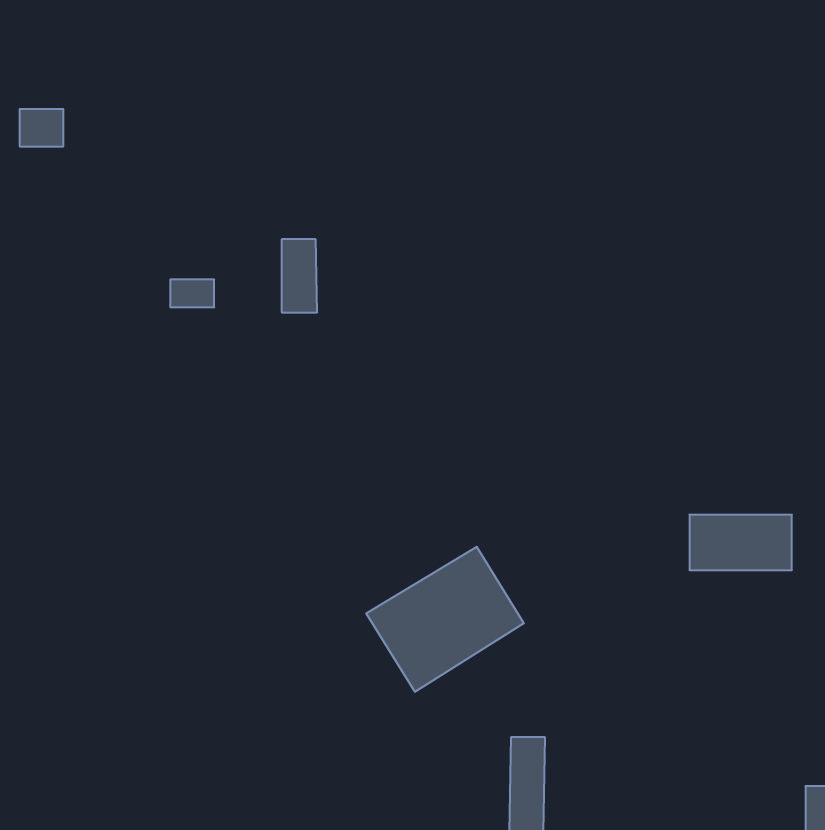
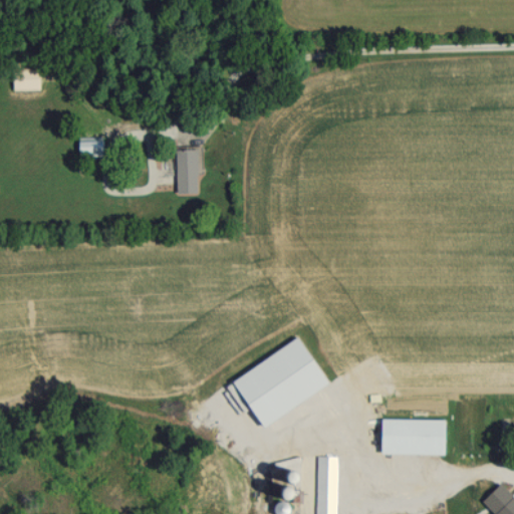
building: [170,280,214,307] -> [79,139,106,156]
building: [689,515,792,570] -> [380,420,444,454]

